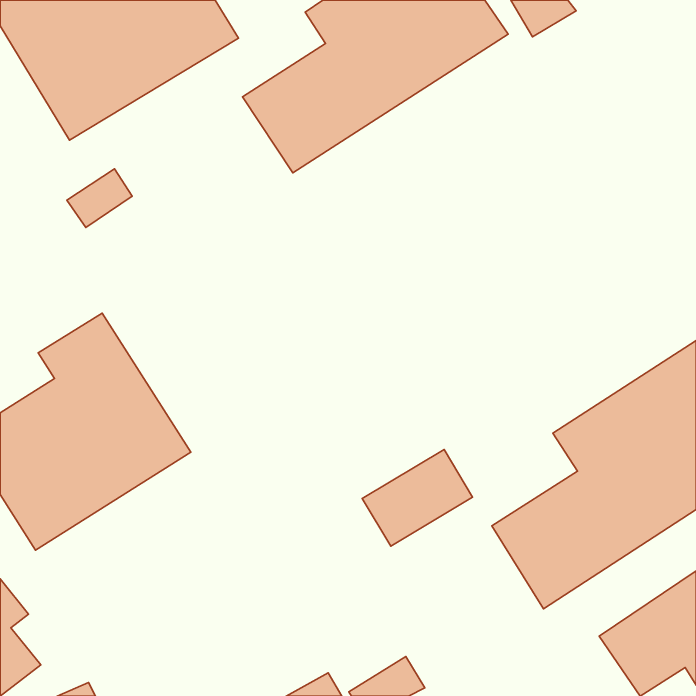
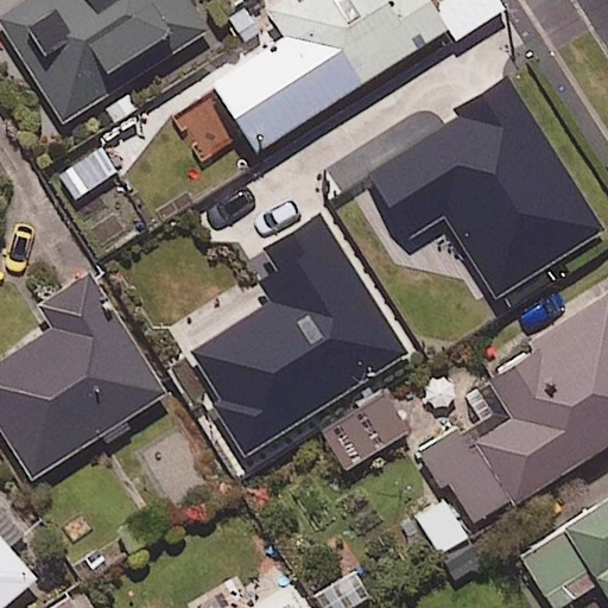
building: none -> [367,75,602,296]
building: none -> [171,215,410,454]

